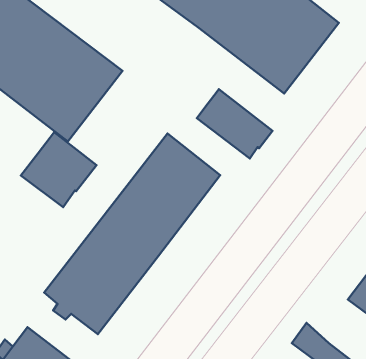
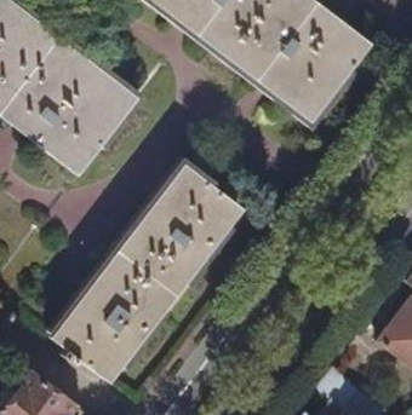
building: [197,89,272,159] -> none
building: [21,132,96,207] -> none

